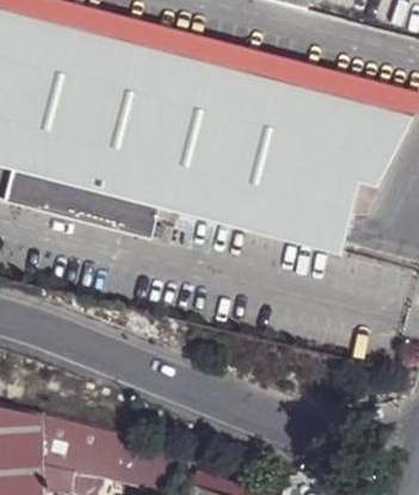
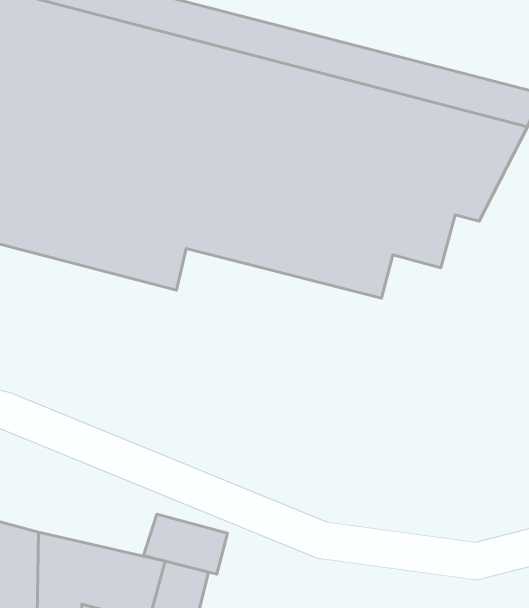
building: [303,211,347,253] -> none
building: none -> [144,514,228,574]

